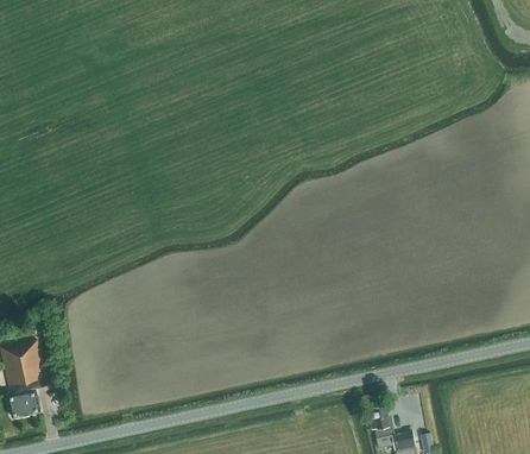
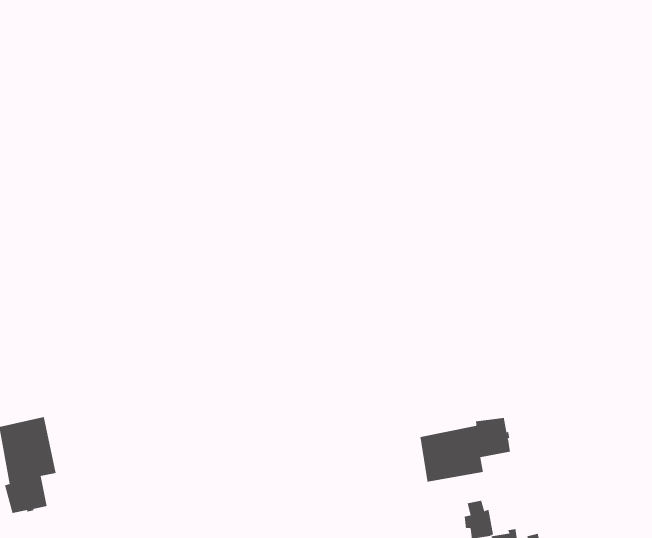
building: none -> [420,417,511,482]

